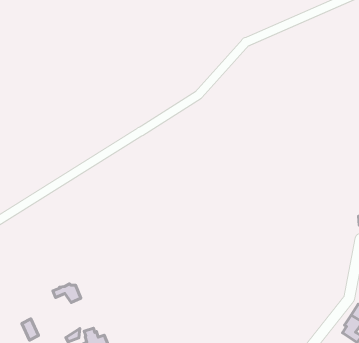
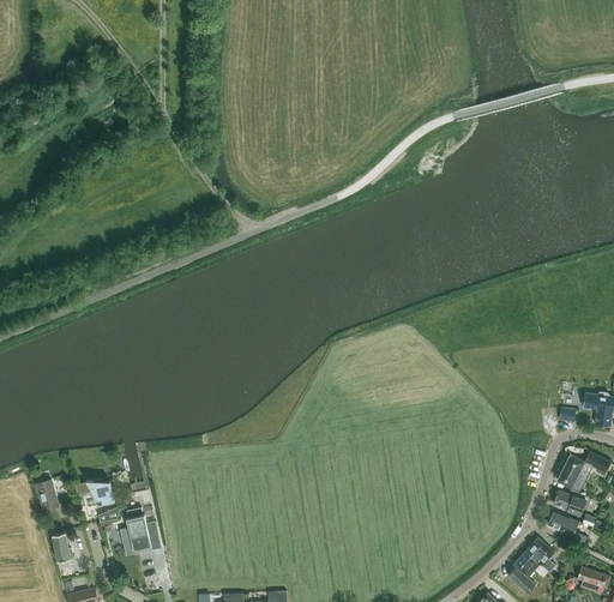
building: [53,284,81,302] -> [76,478,115,506]

